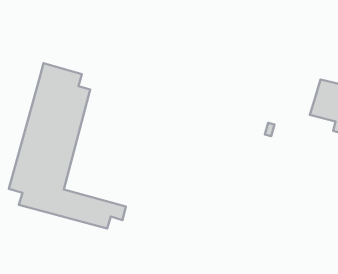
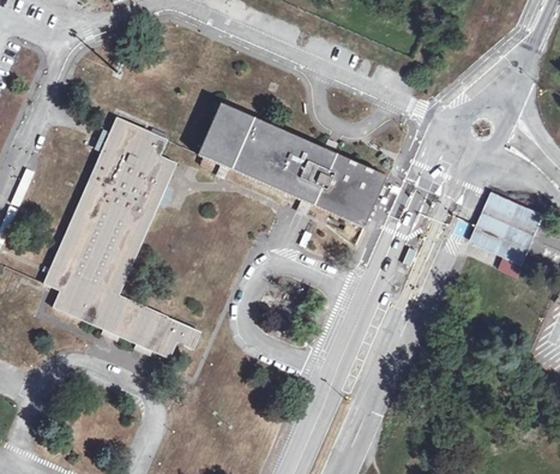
building: none -> [197,103,385,226]

